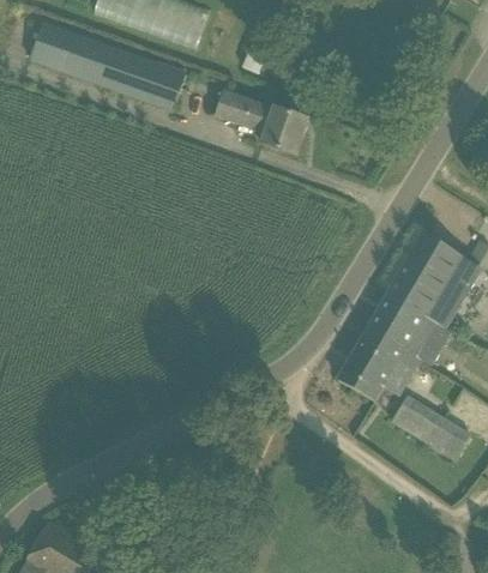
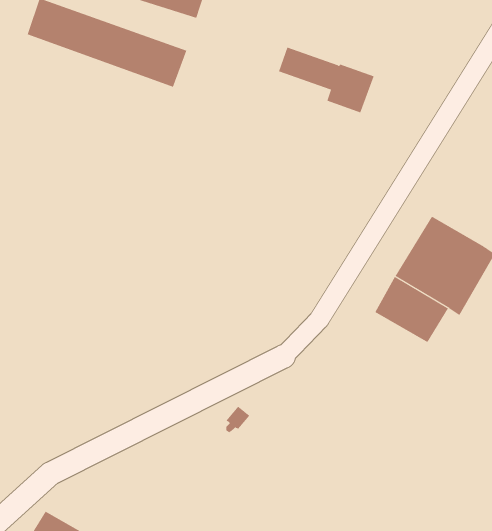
building: [216,90,309,155] -> [278,47,375,113]
building: [338,327,421,400] -> none
building: [392,396,471,459] -> none

